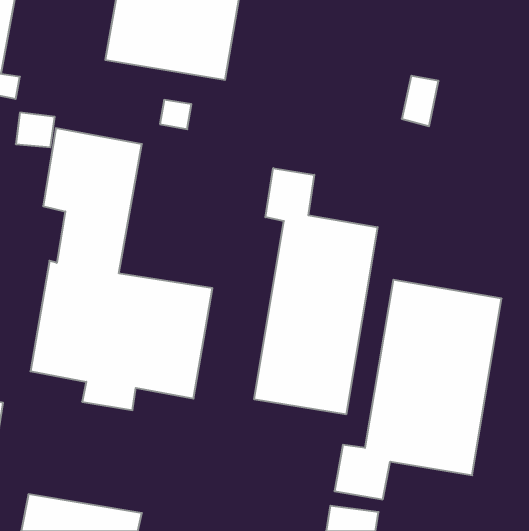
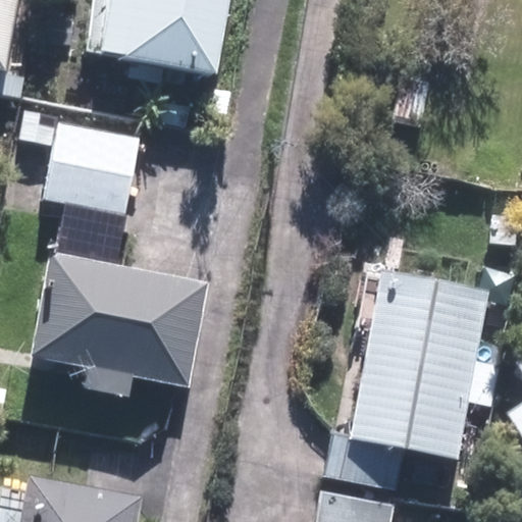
building: [254,168,378,414] -> none

